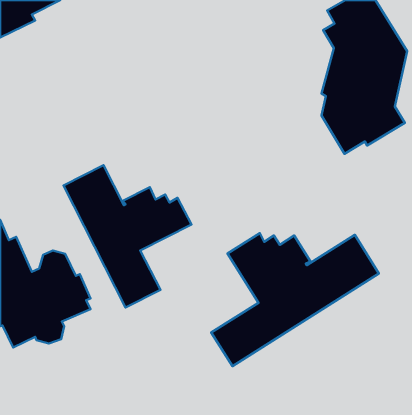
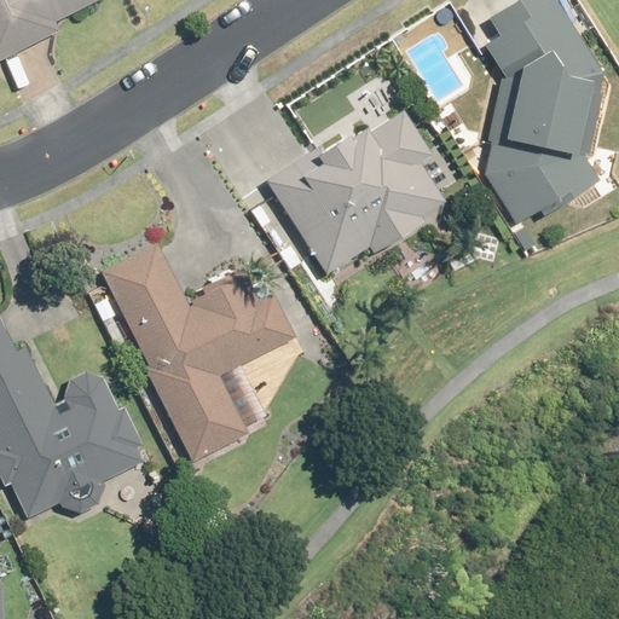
building: none -> [267,111,441,272]
building: [211,233,379,366] -> none

